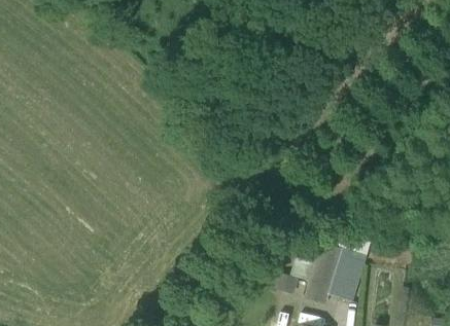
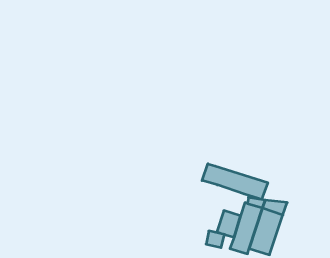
building: none -> [202,164,268,199]

